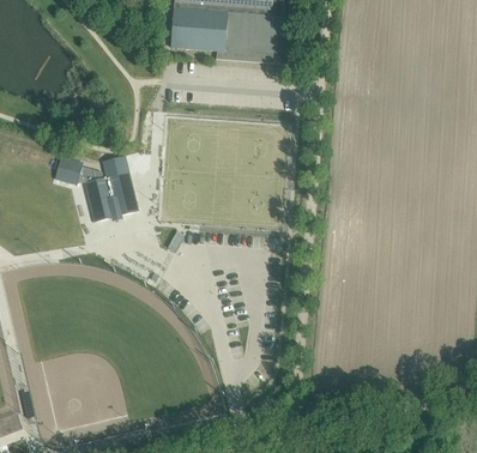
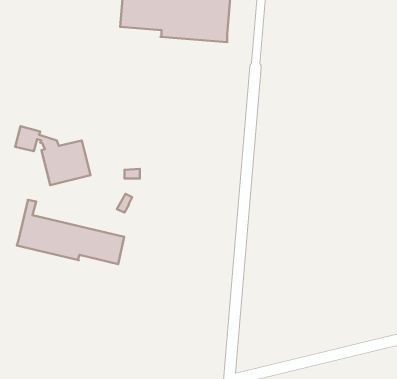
building: none -> [17,200,124,264]

